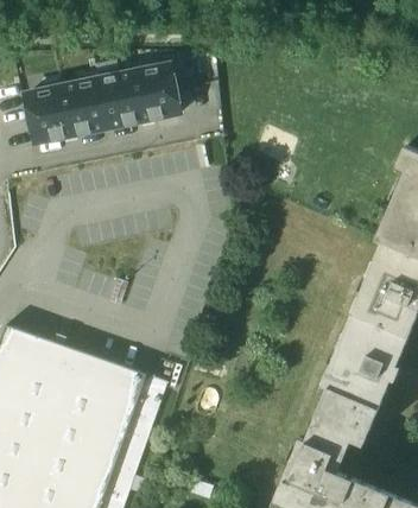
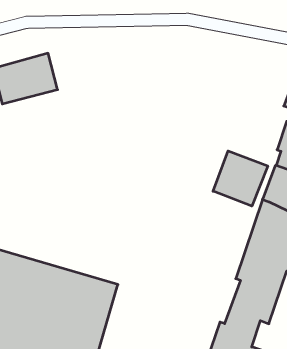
building: [96,66,178,128] -> none
building: none -> [213,151,268,206]

